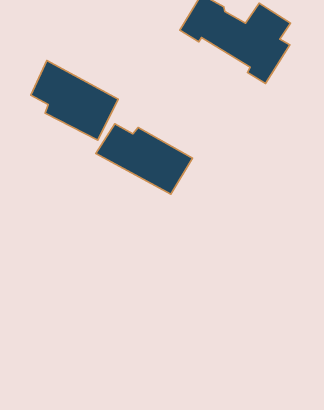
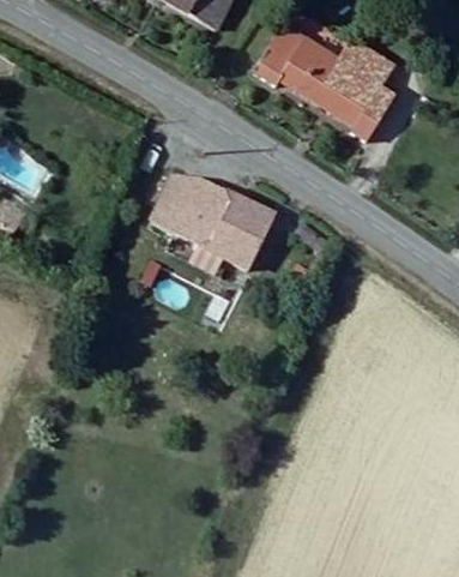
building: [31,61,118,140] -> none

